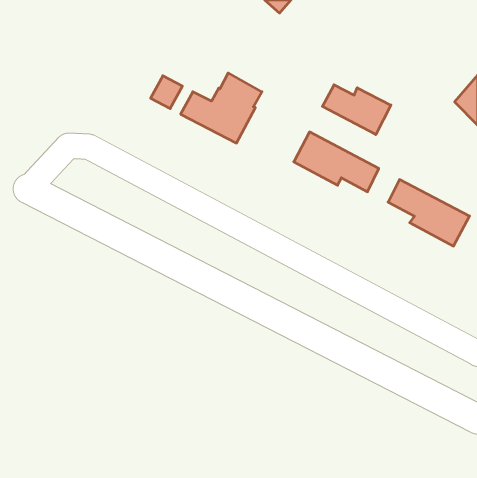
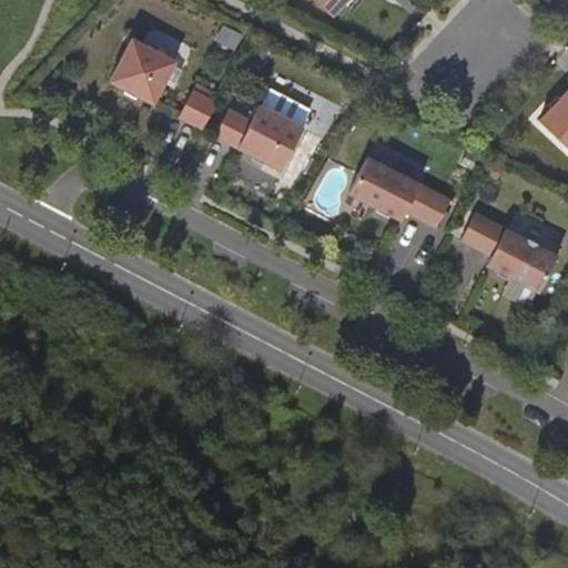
building: none -> [110,38,176,103]
building: [322,85,391,135] -> none

